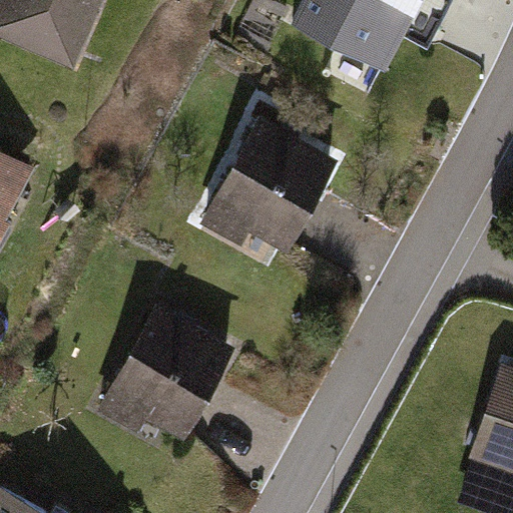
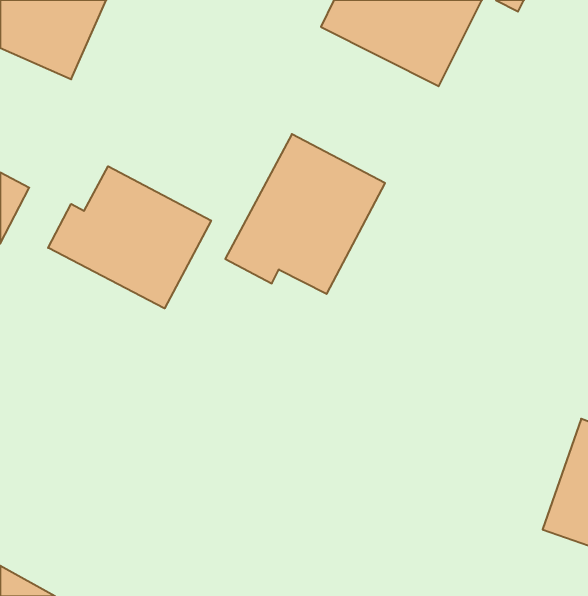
building: none -> [48,166,211,308]
building: [100,299,236,444] -> none

